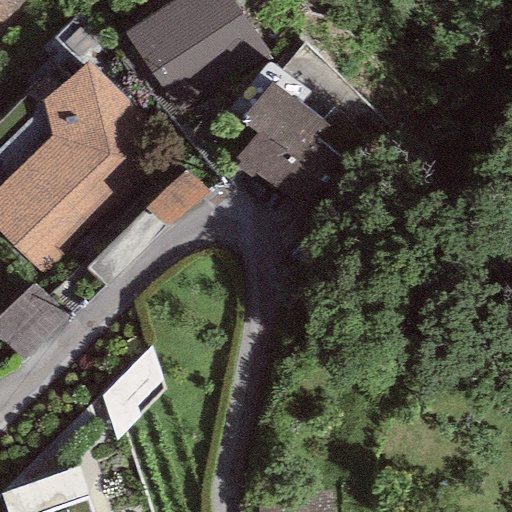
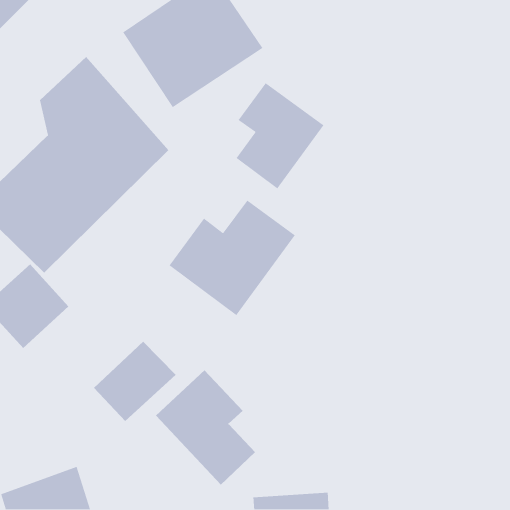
building: none -> [168,199,296,316]
building: none -> [155,369,256,485]

